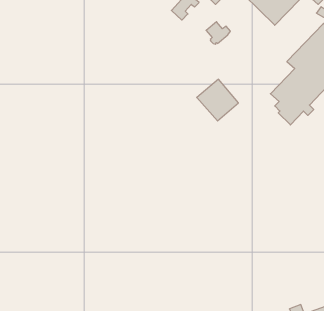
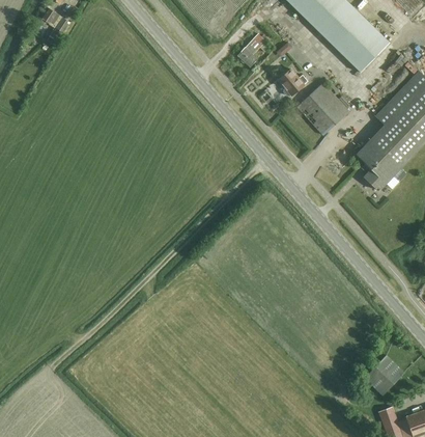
building: [197,79,238,121] -> [296,84,346,134]
building: none -> [363,353,403,393]

